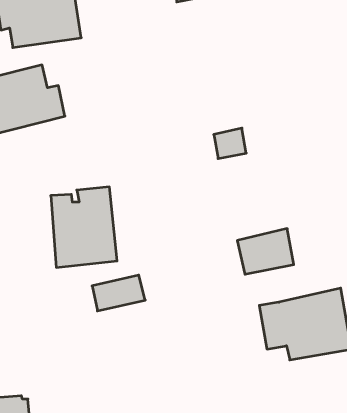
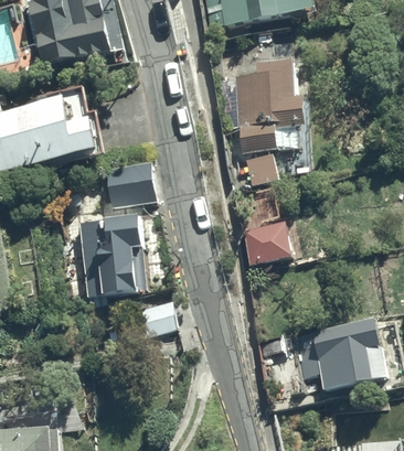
building: none -> [235,57,308,153]
building: none -> [105,161,159,208]
building: [237,229,294,274] -> [242,217,299,264]

